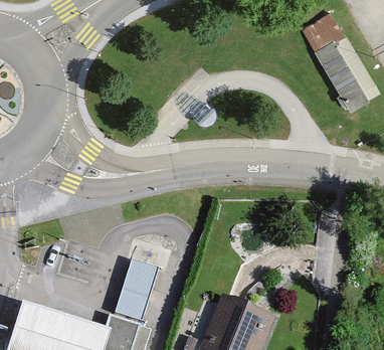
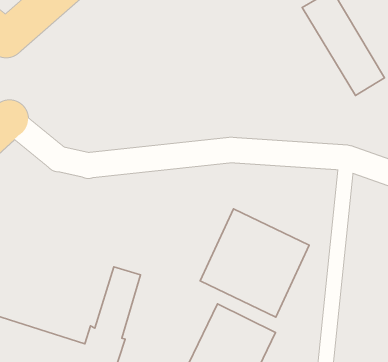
building: none -> [200,209,309,317]

